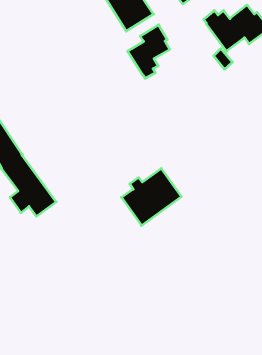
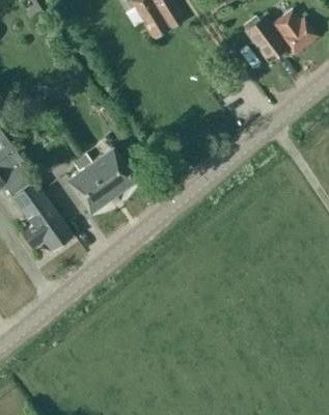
building: [128,25,170,78] -> none
building: [121,168,181,226] -> [65,146,134,212]

